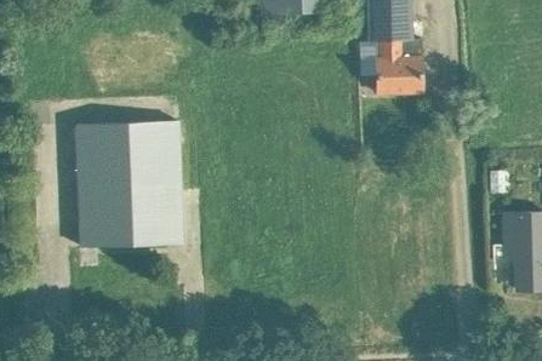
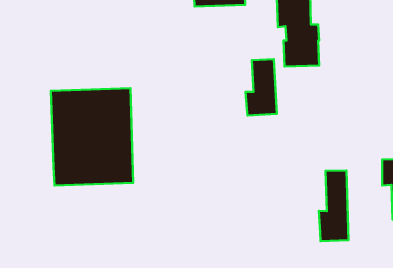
building: none -> [245,59,277,116]
building: none -> [319,170,349,241]

